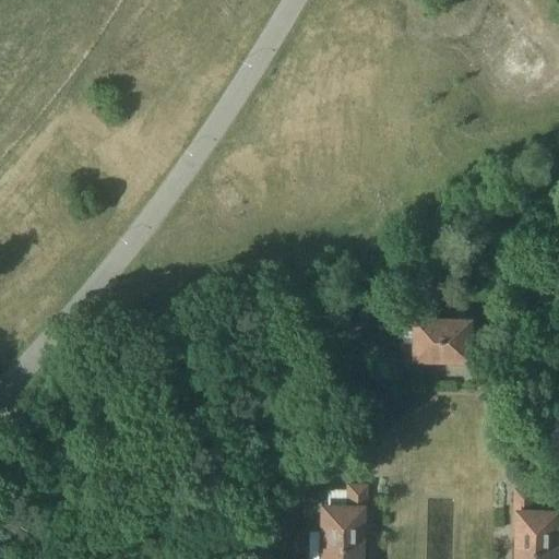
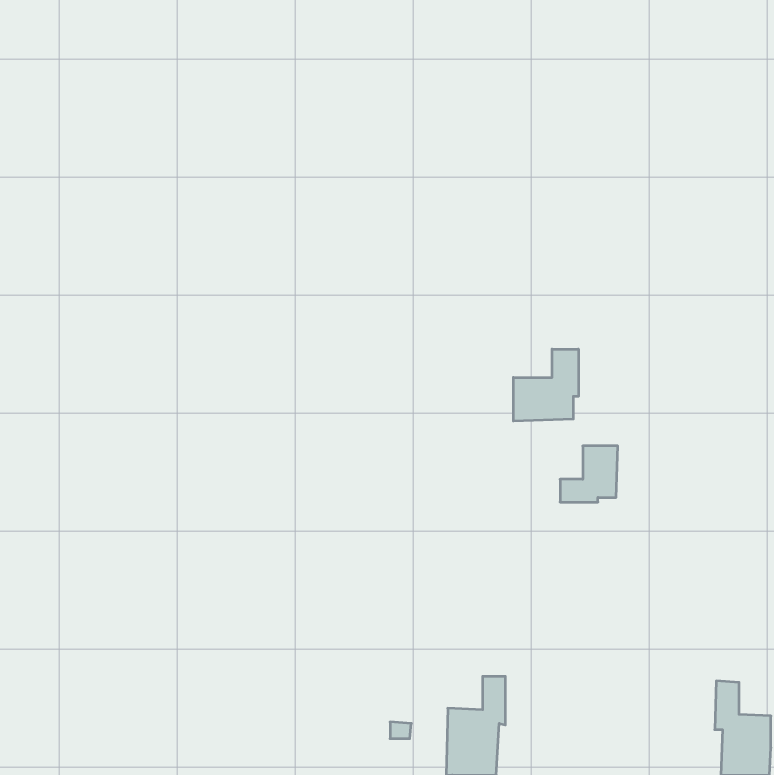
building: none -> [513,349,578,421]
building: [443,321,483,364] -> none

